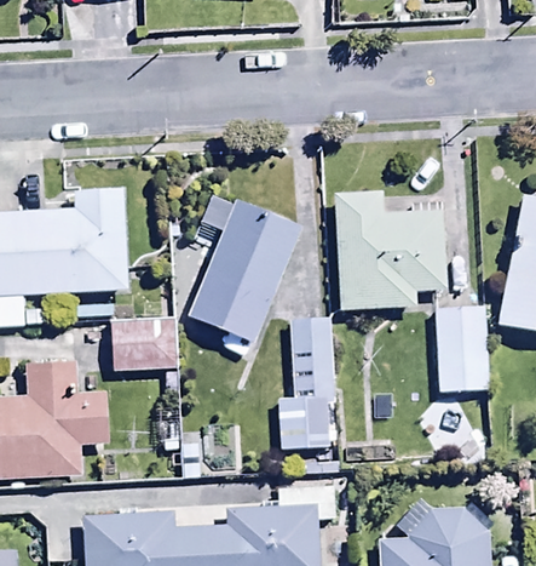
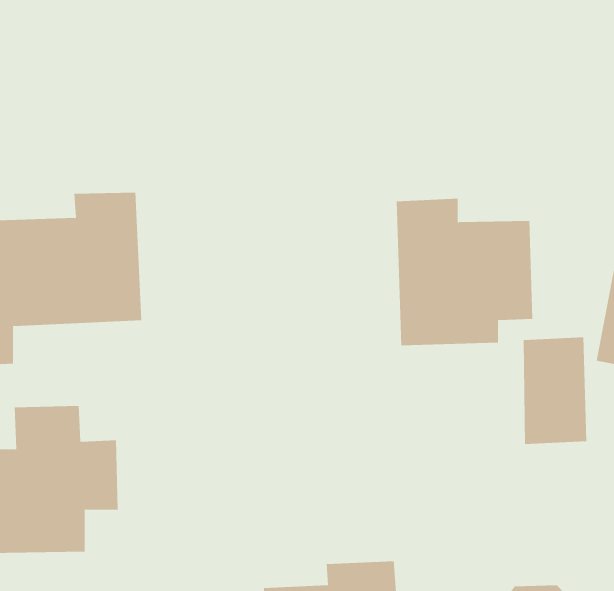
building: [186,187,302,354] -> none
building: [111,316,178,370] -> none
building: [279,318,334,448] -> none

